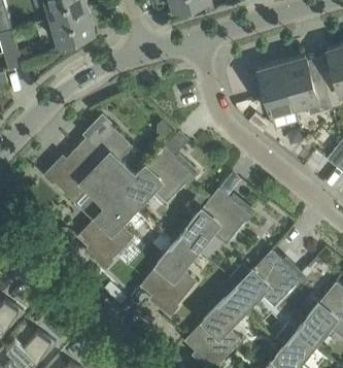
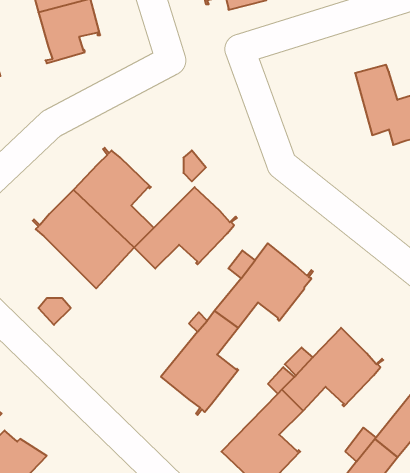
building: [258,63,298,130] -> none
building: [76,191,135,266] -> none

